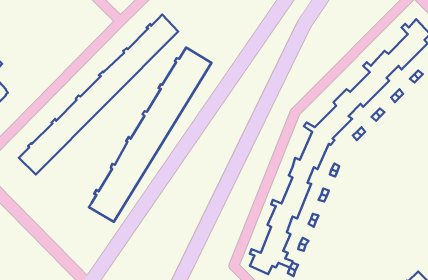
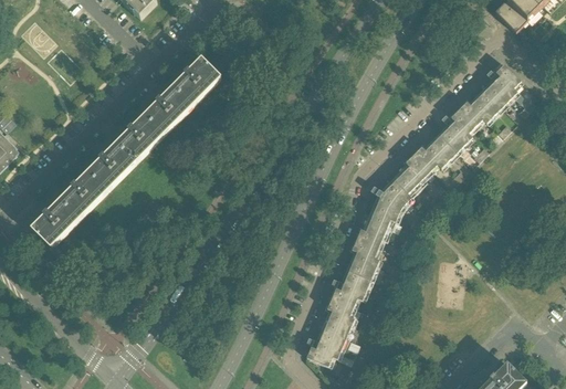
building: [89,47,211,222] -> none

